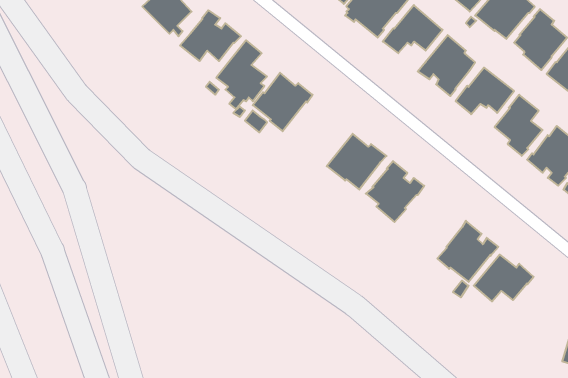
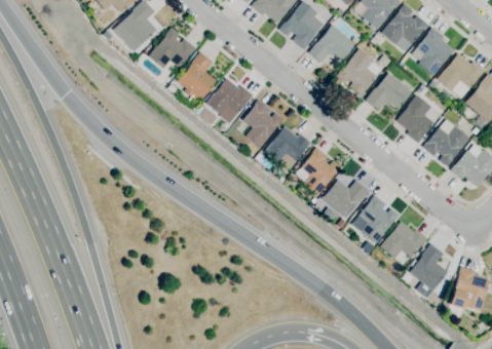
building: none -> [242,100,282,147]
building: none -> [323,179,370,218]
building: none -> [409,243,448,295]

